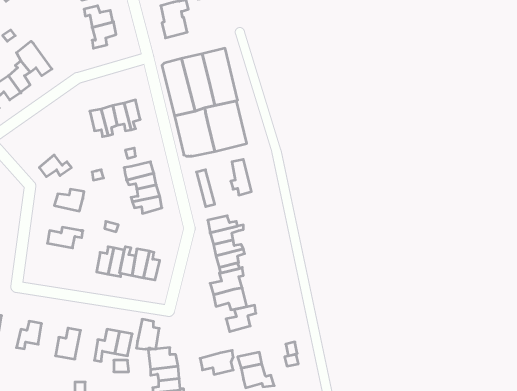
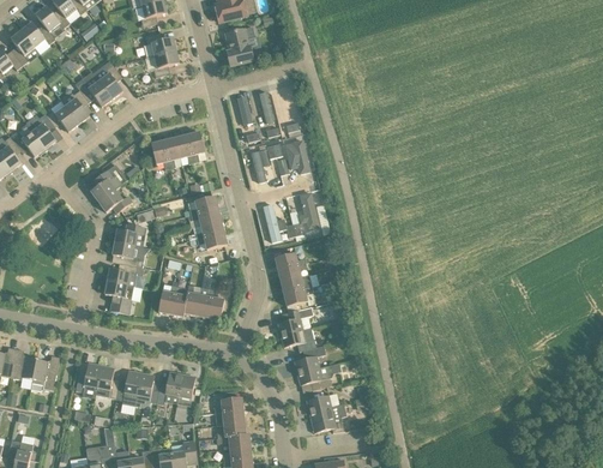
building: none -> [92,60,122,98]
building: none -> [90,163,128,202]
building: none -> [111,241,144,268]
building: none -> [104,281,133,314]
building: [136,319,159,349] -> [135,372,159,403]
building: none -> [95,365,119,398]
building: [200,350,233,374] -> [297,365,332,390]

